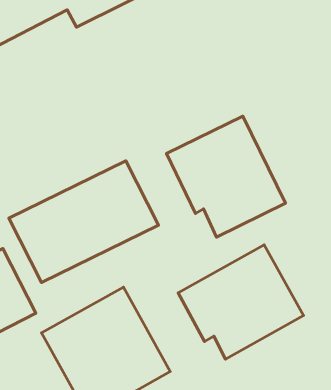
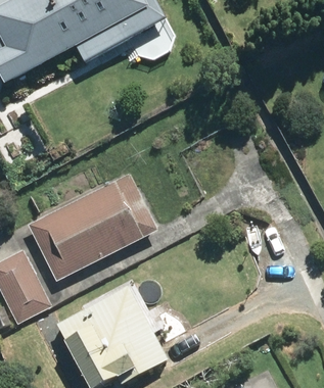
building: [167,116,285,237] -> none
building: [178,245,303,359] -> none

